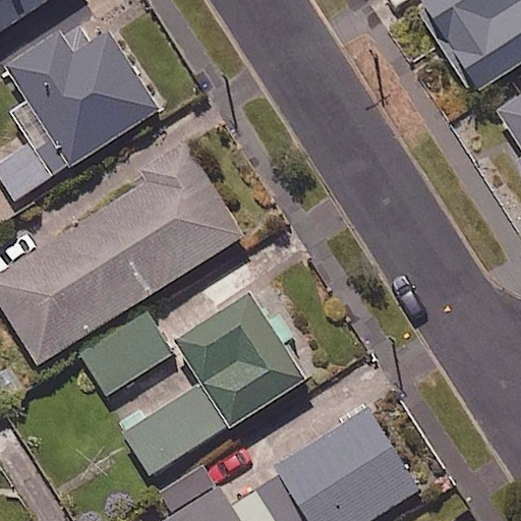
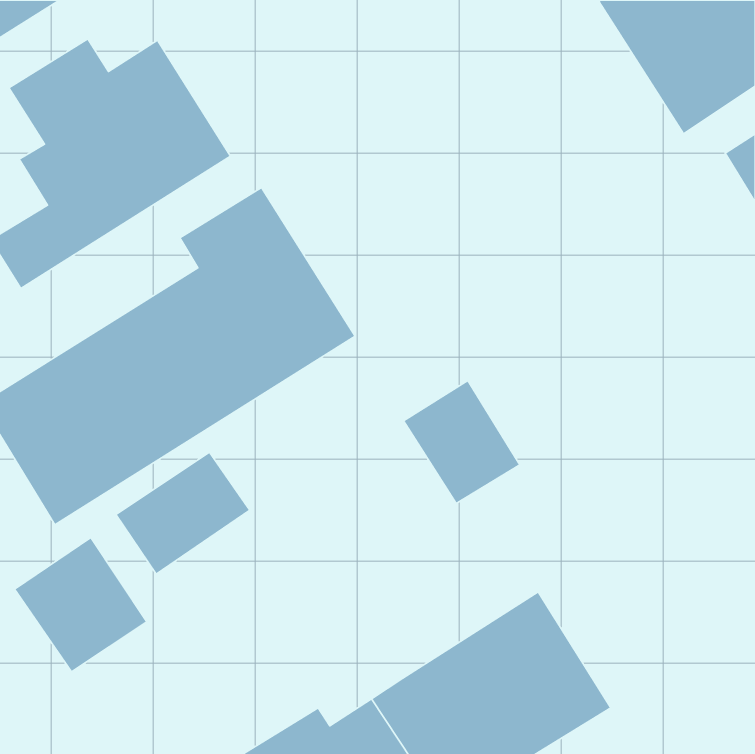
building: none -> [404,381,520,504]
building: [118,293,303,474] -> none
building: none -> [15,538,147,672]

